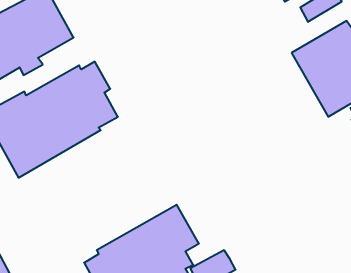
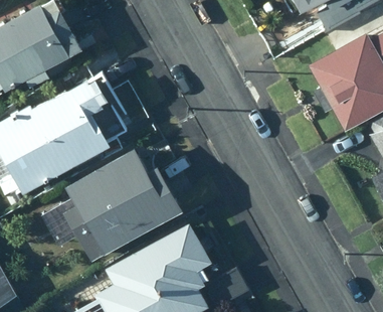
building: none -> [62,149,180,262]

